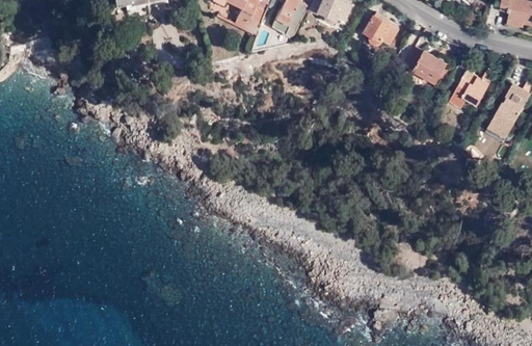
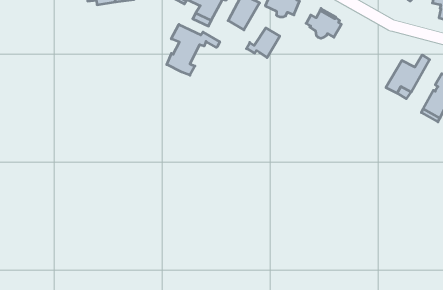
building: none -> [167,24,220,75]
building: none -> [246,28,280,58]
building: [406,46,453,83] -> none

